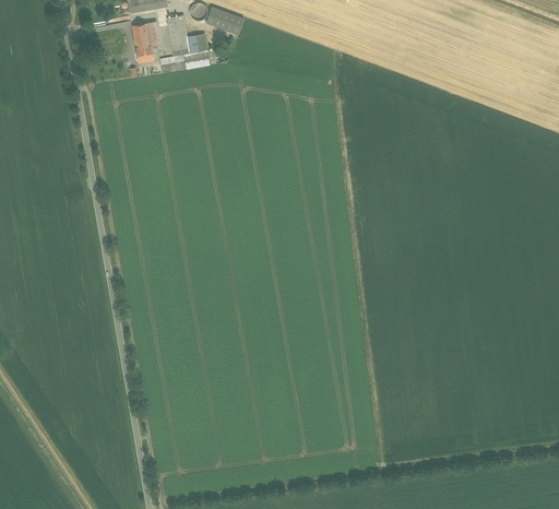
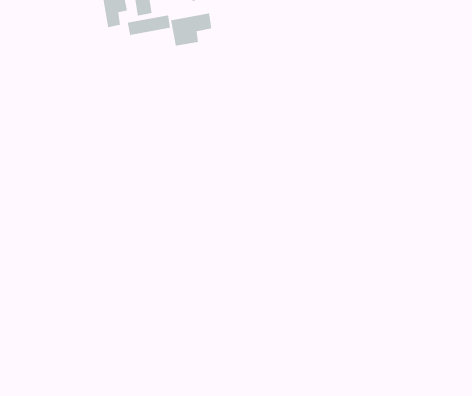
building: none -> [170,13,212,46]

